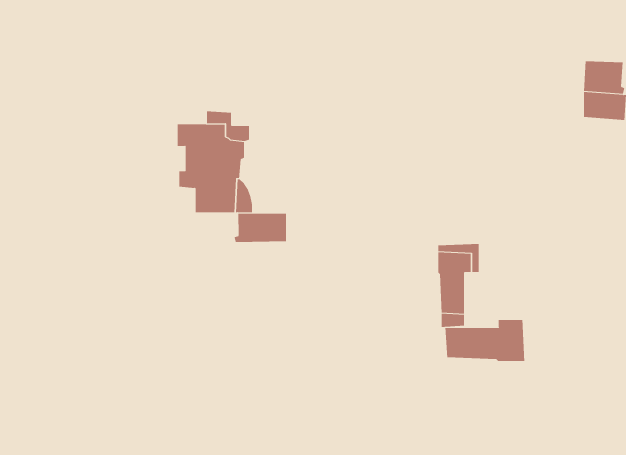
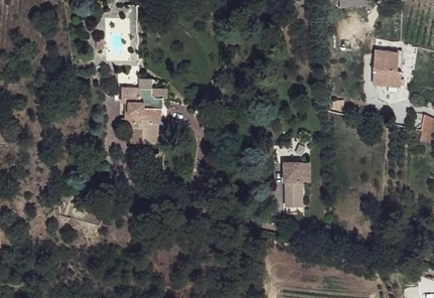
building: [234,213,286,243] -> none
building: [445,319,525,362] -> none

